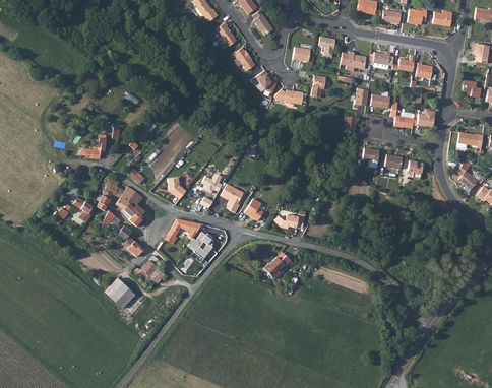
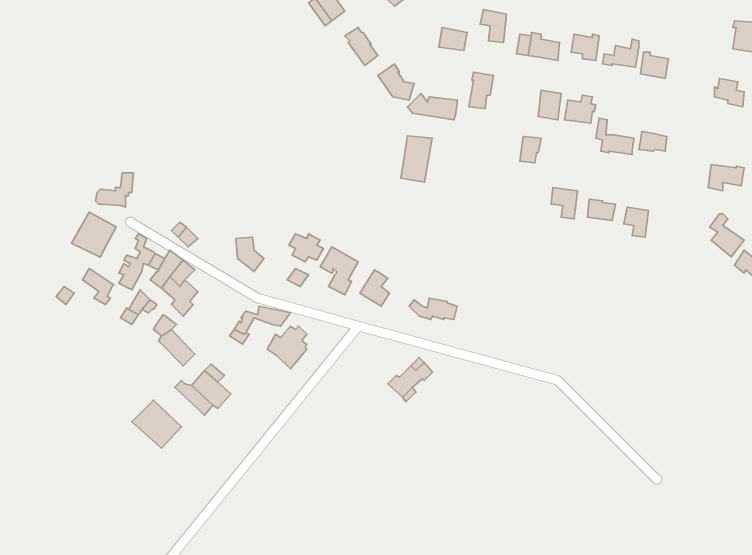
building: none -> [401,136,432,182]
building: none -> [71,212,116,257]

